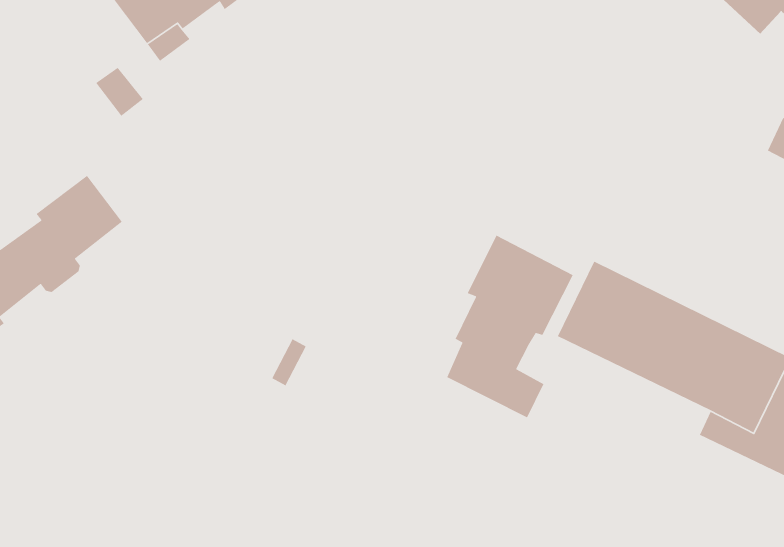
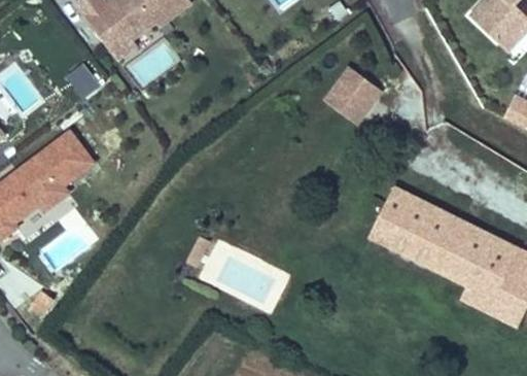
building: none -> [326,68,380,121]
building: [446,235,574,419] -> none

